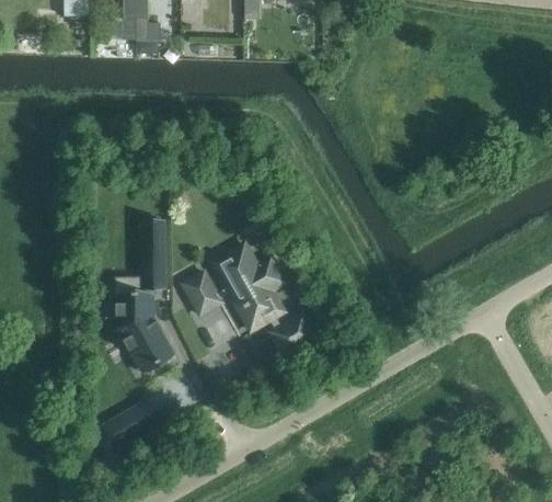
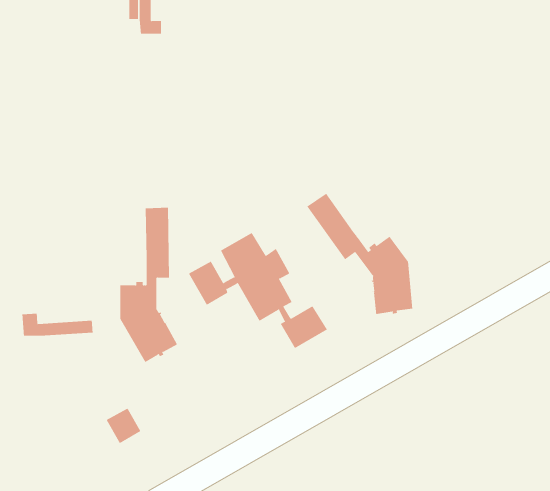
building: none -> [306,193,413,315]
building: none -> [22,313,93,337]

